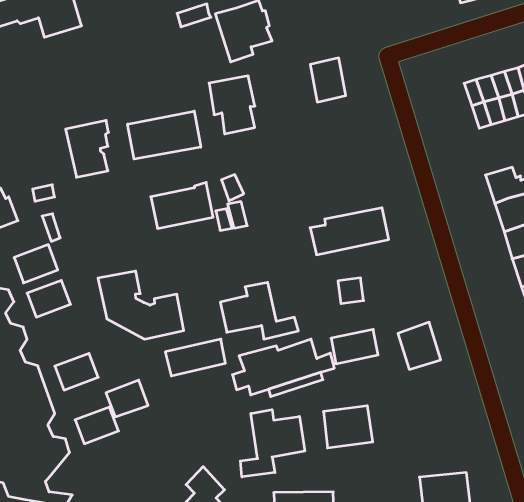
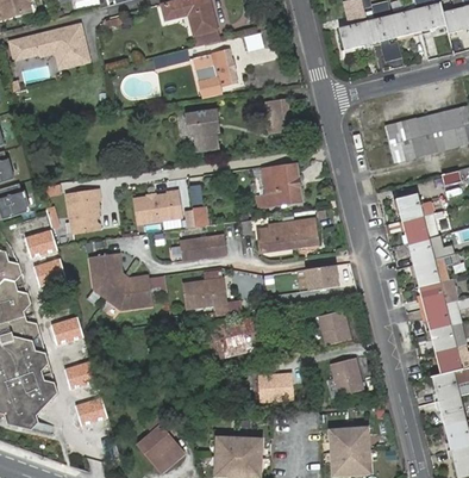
building: [128,111,201,159] -> none
building: [66,120,109,177] -> [65,190,99,232]
building: none -> [256,163,300,206]
building: [331,329,378,364] -> [304,266,339,291]
building: [165,339,225,376] -> [180,235,226,261]
building: [106,380,148,417] -> [74,397,106,424]
building: none -> [331,359,363,397]
building: [240,410,305,477] -> none

